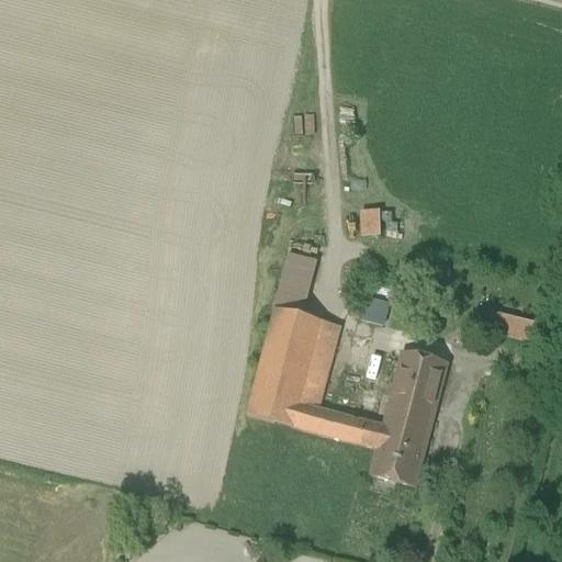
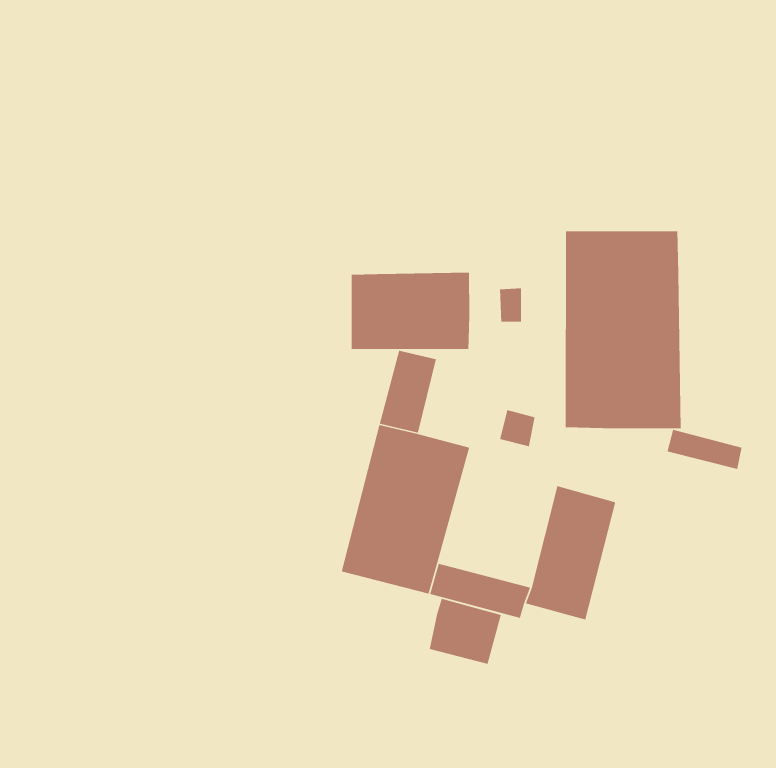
building: none -> [565,230,682,429]
building: none -> [351,272,470,350]
building: [371,436,424,484] -> [429,598,502,665]

